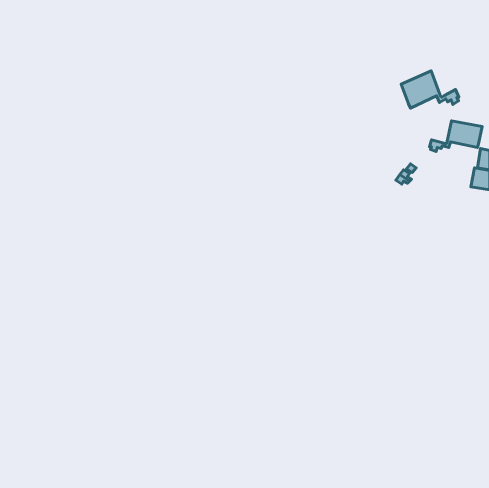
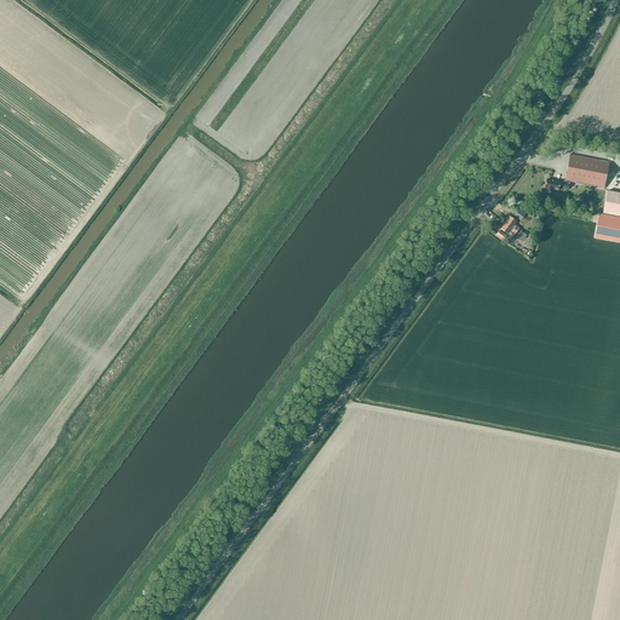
building: [401,71,459,108] -> none

